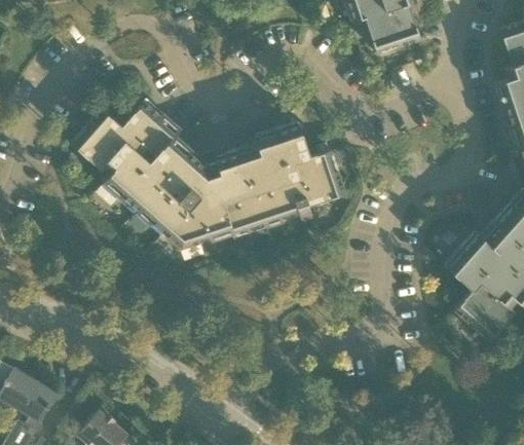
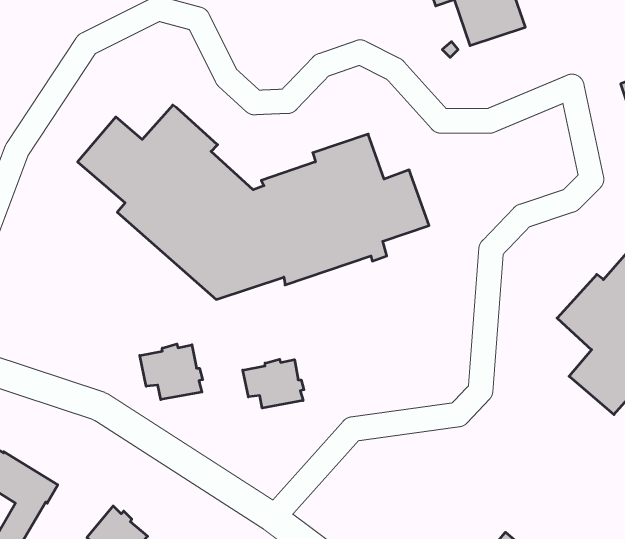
building: none -> [140,344,203,400]
building: none -> [243,359,304,408]

